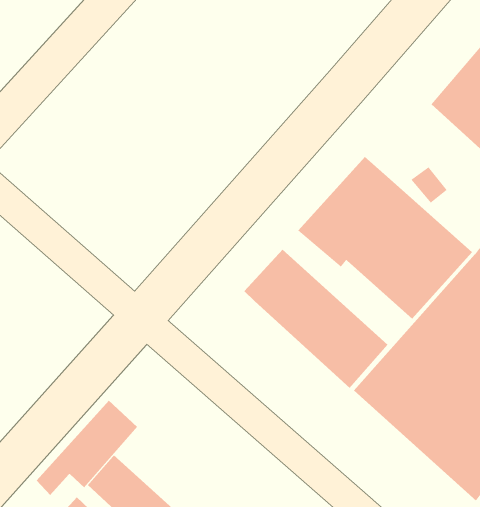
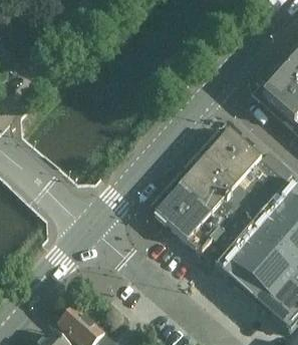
building: none -> [174,168,251,237]
building: [36,400,138,496] -> none

